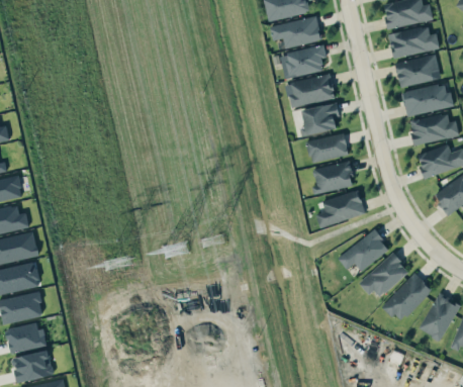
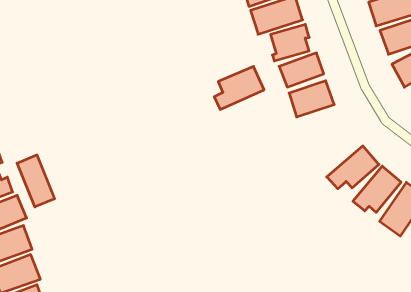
building: [316,190,366,227] -> [214,66,264,109]
building: none -> [17,155,55,207]

